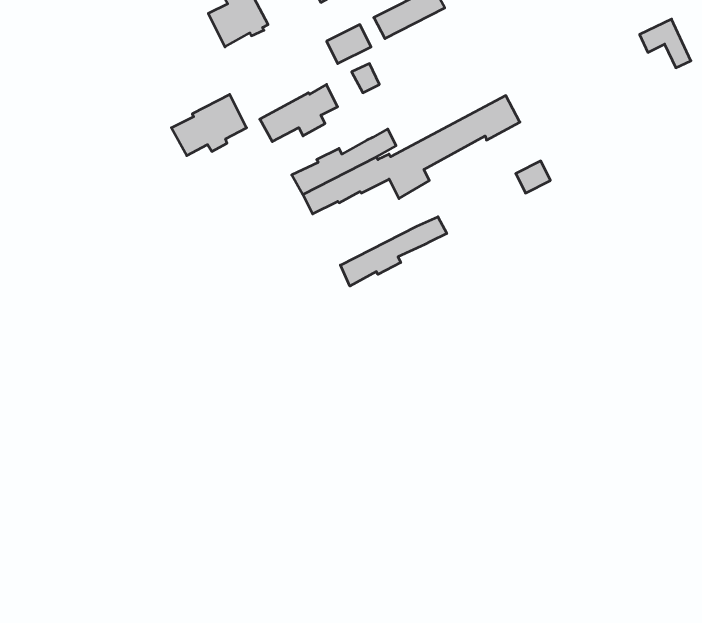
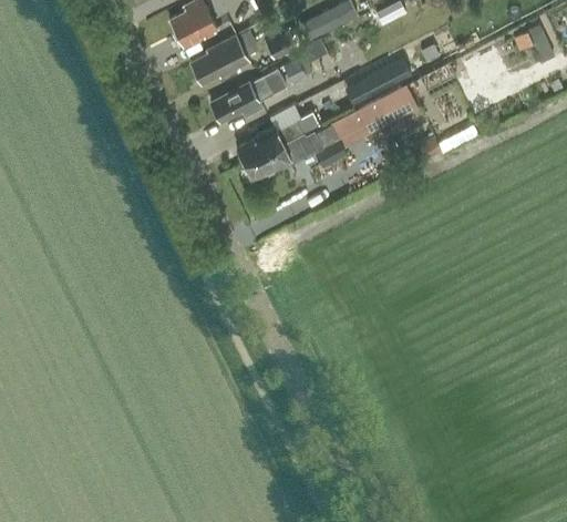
building: none -> [360,59,411,96]
building: [171,94,247,156] -> [189,35,249,84]
building: [340,217,447,286] -> none

